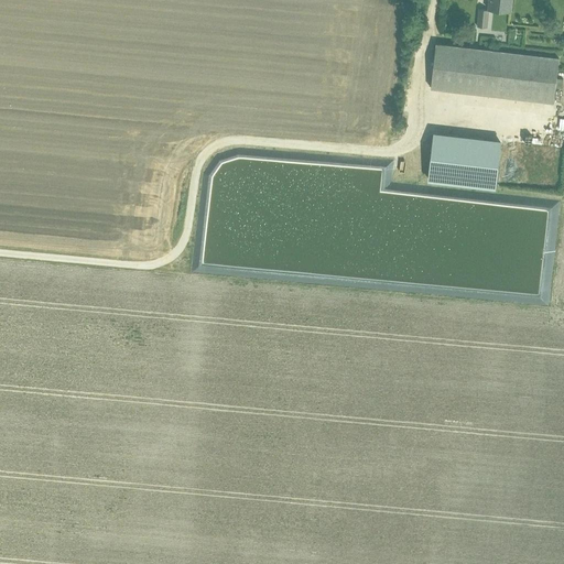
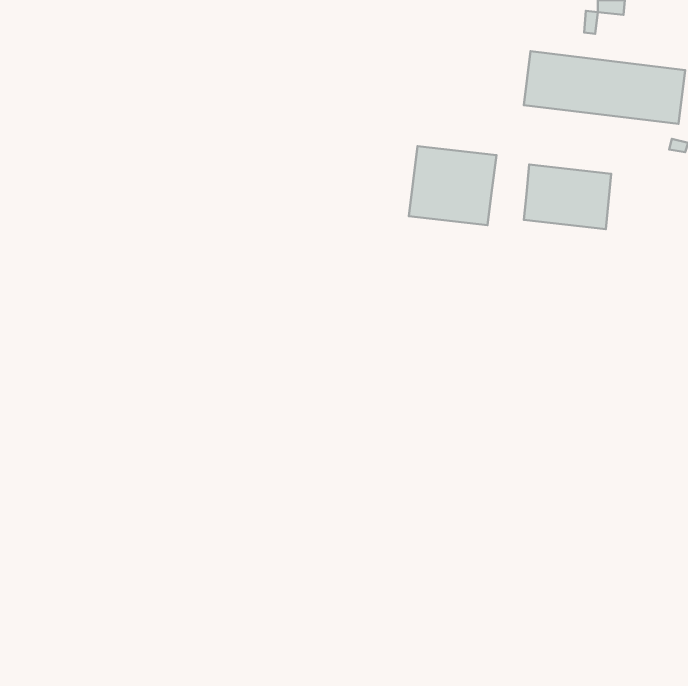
building: none -> [409,146,496,225]

